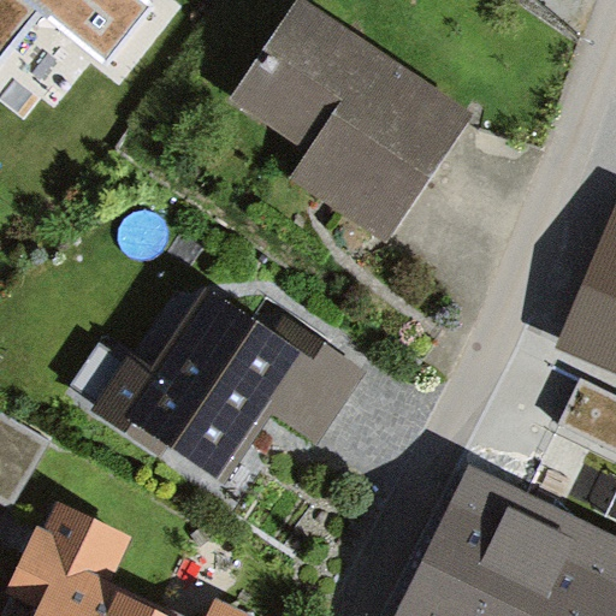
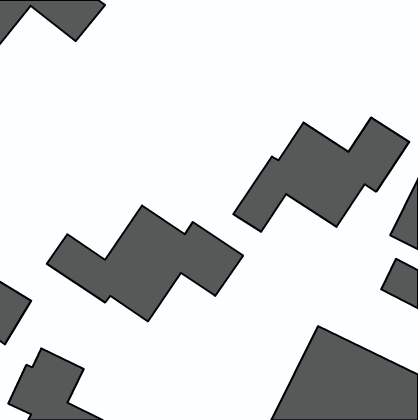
building: [237,8,462,235] -> none
building: none -> [233,117,409,232]

